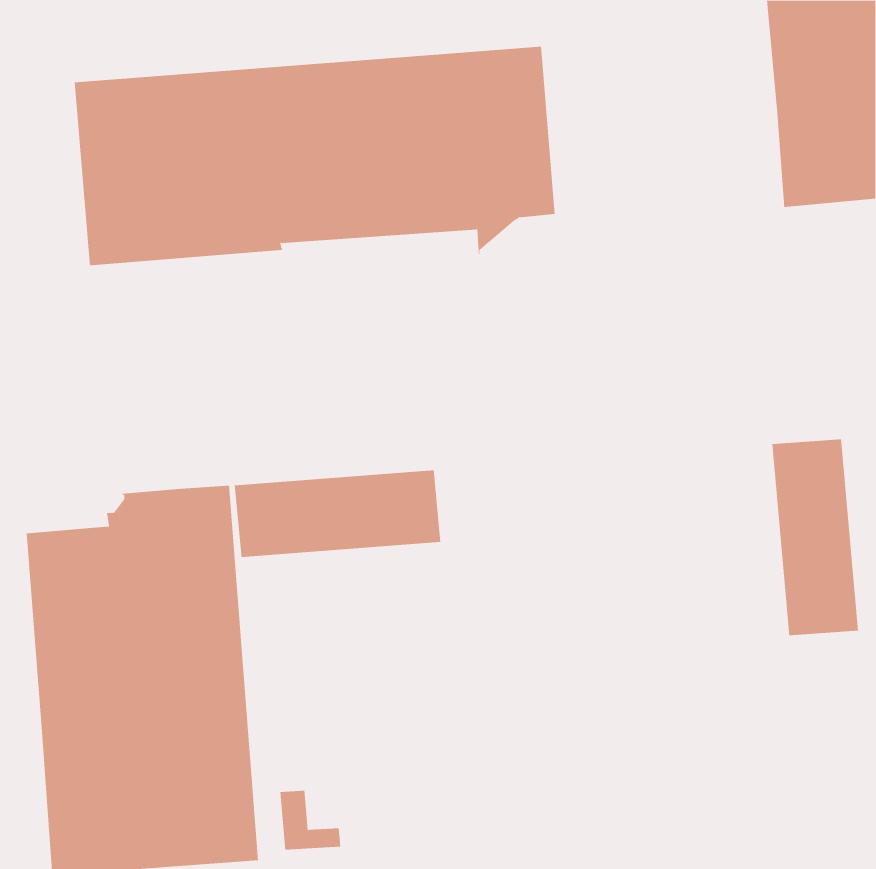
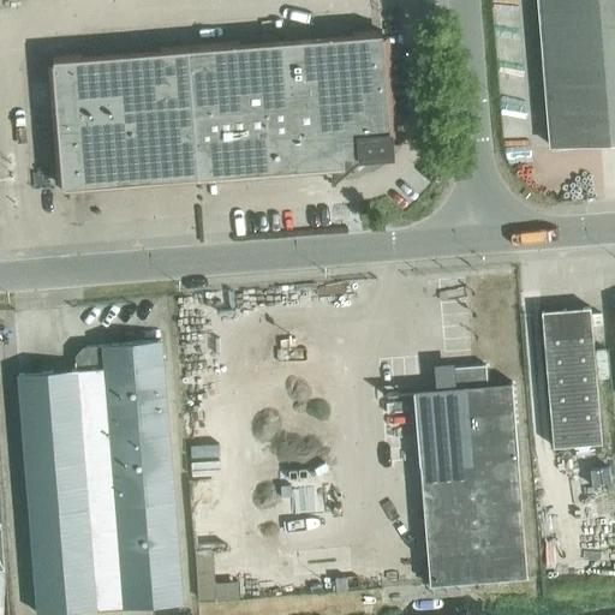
building: [234,469,441,558] -> none
building: none -> [413,370,526,589]

